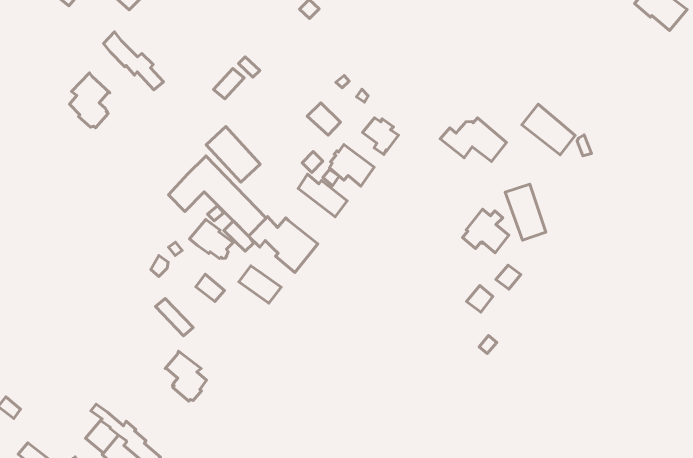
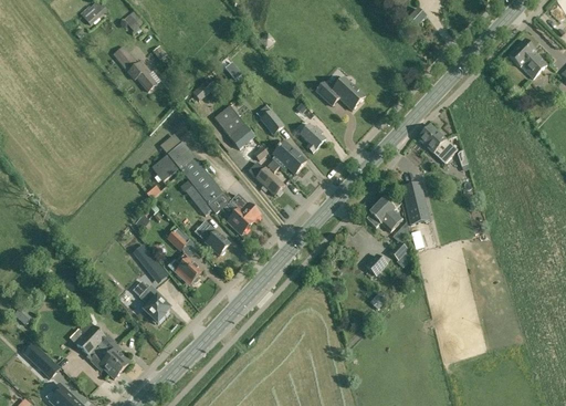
building: [69,73,110,128] -> none
building: [440,118,506,162] -> [315,76,364,110]
building: [206,127,260,182] -> [213,105,252,147]
building: [190,219,233,259] -> [169,252,201,282]

